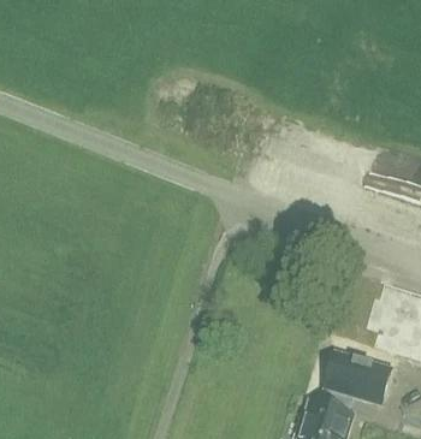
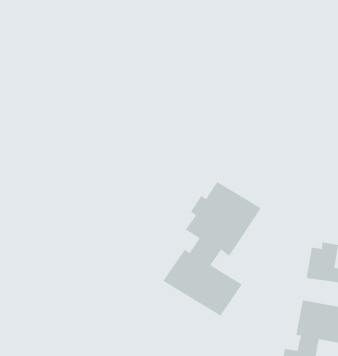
building: none -> [163,181,261,316]

